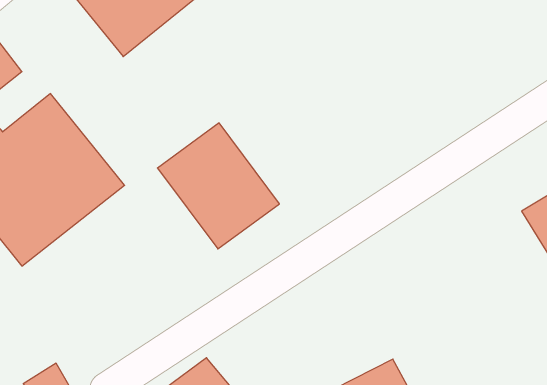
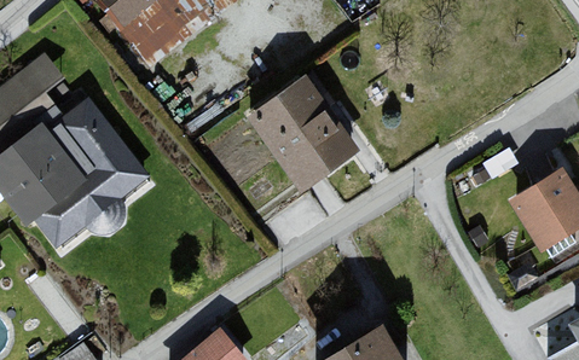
building: [157,123,279,249] -> [243,76,351,187]

